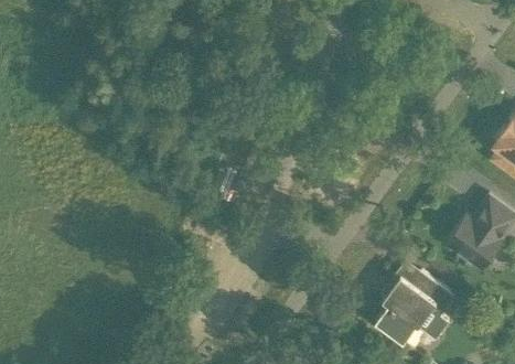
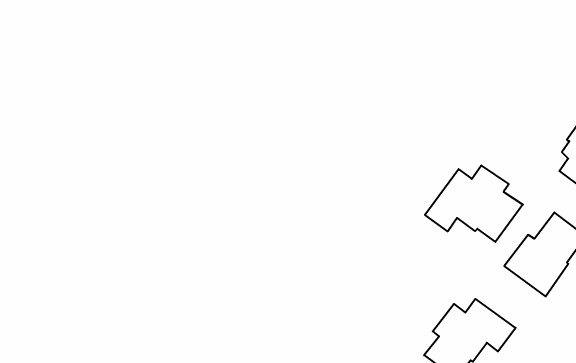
building: none -> [425,165,523,242]

